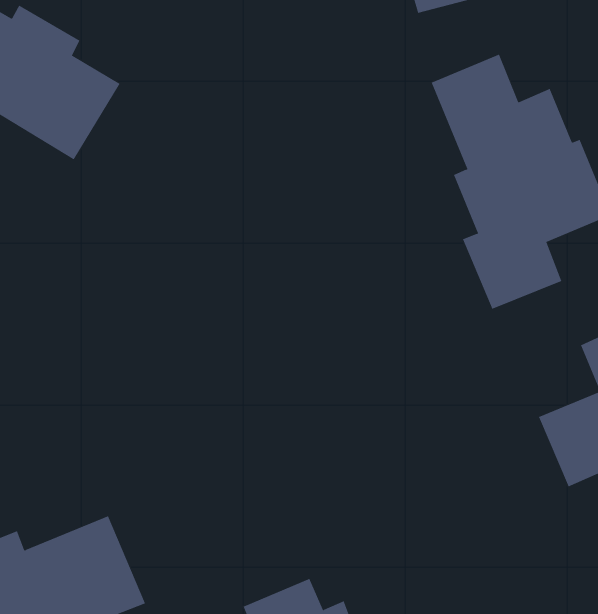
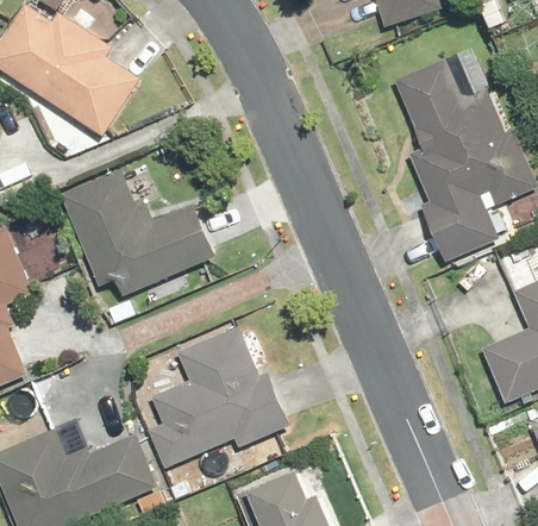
building: none -> [65,175,214,295]
building: none -> [145,327,290,470]

